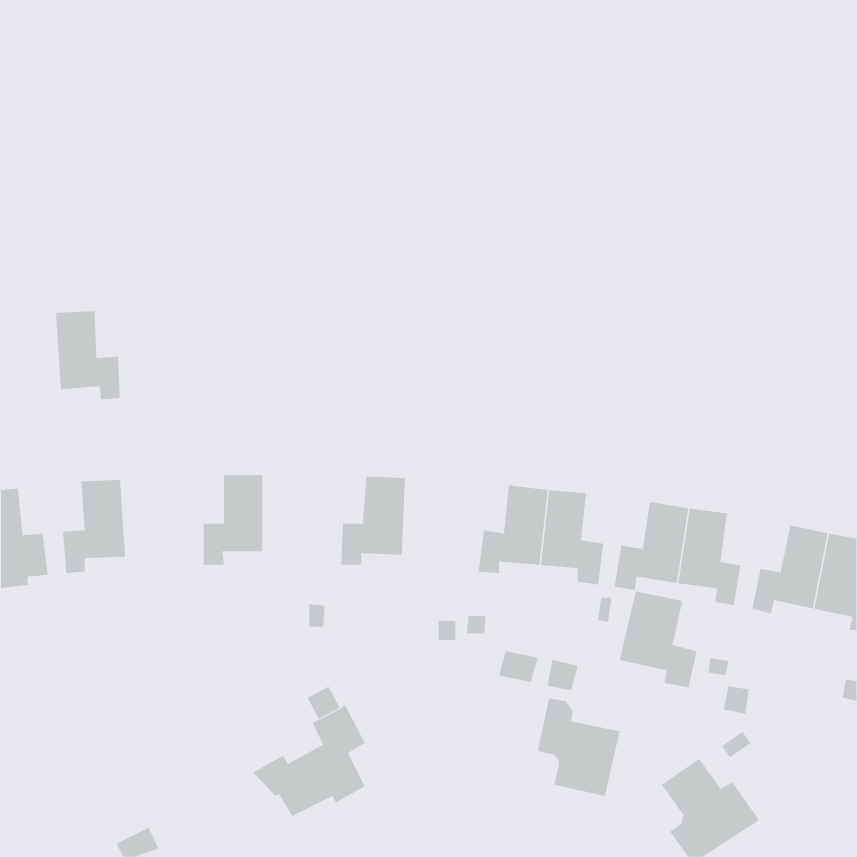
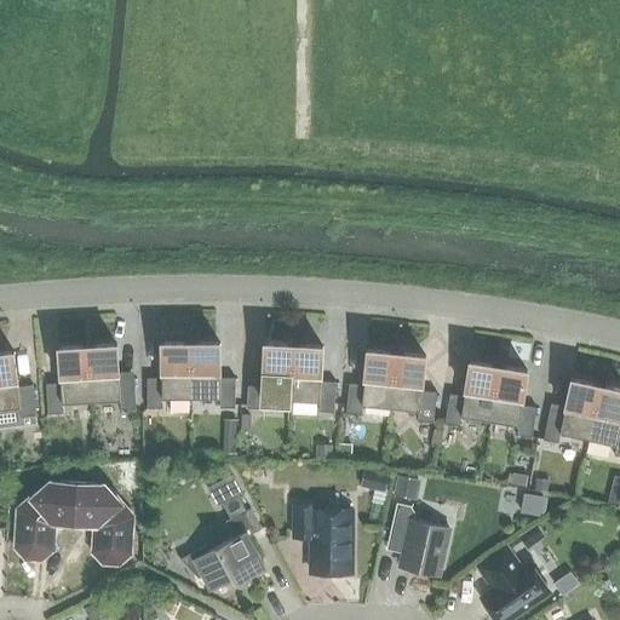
building: [55,311,121,400] -> [87,345,134,409]
building: none -> [190,343,234,408]
building: none -> [291,345,335,412]
building: [619,590,697,688] -> none
building: none -> [17,486,128,562]
building: none -> [293,505,350,573]

